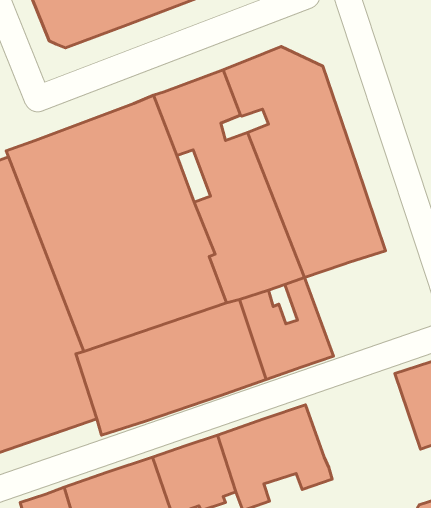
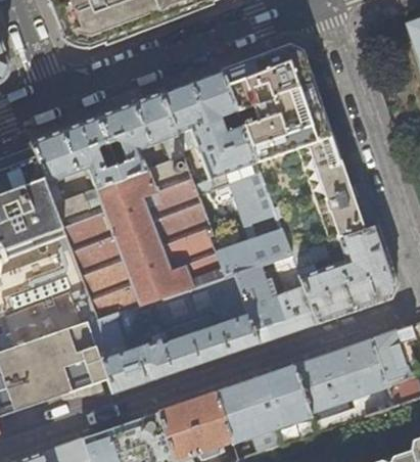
building: none -> [292,225,398,323]
building: none -> [293,338,394,431]

